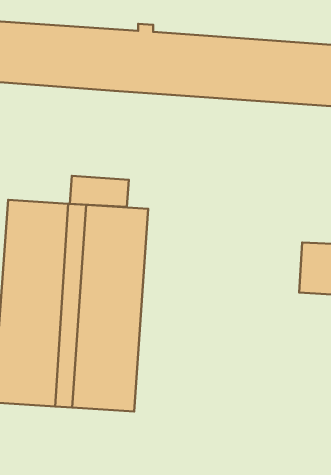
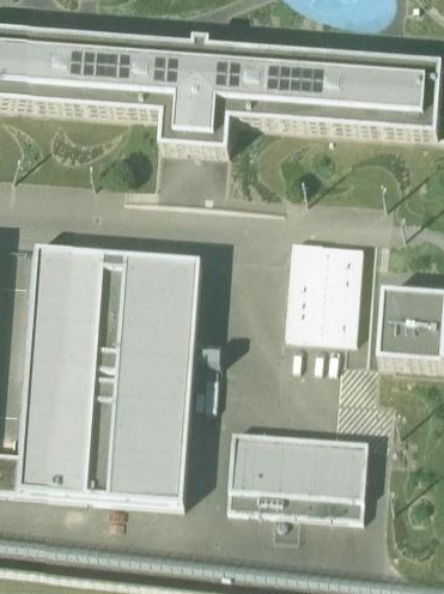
building: [70,176,129,207] -> [159,114,230,151]
building: none -> [285,237,366,335]
building: none -> [230,435,369,514]

